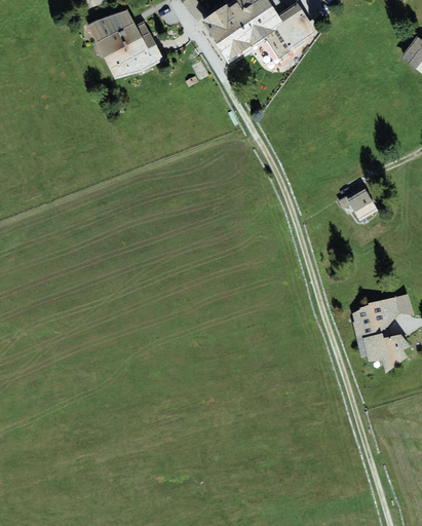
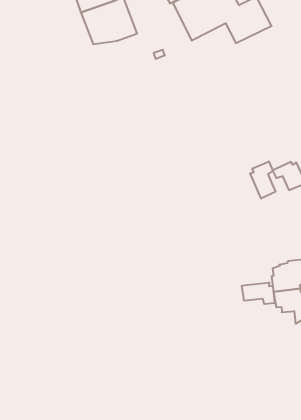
building: none -> [250,161,276,199]
building: none -> [242,282,275,304]

